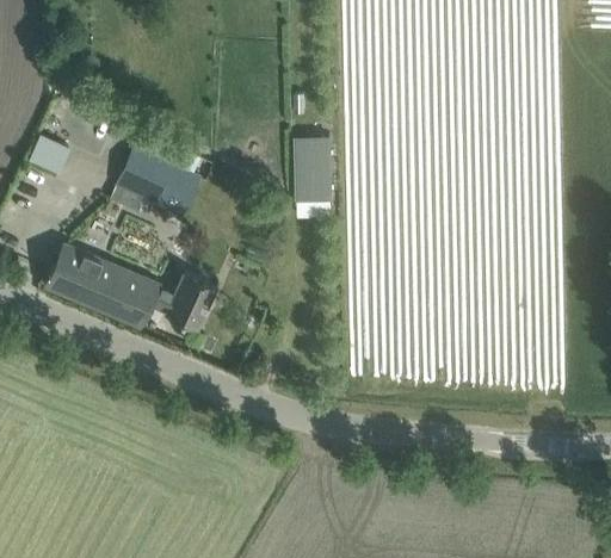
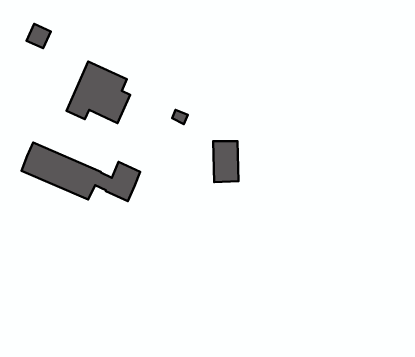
building: [32,137,67,172] -> [26,24,51,48]
building: [297,138,333,197] -> [213,141,238,182]

